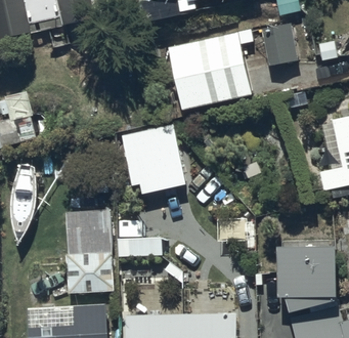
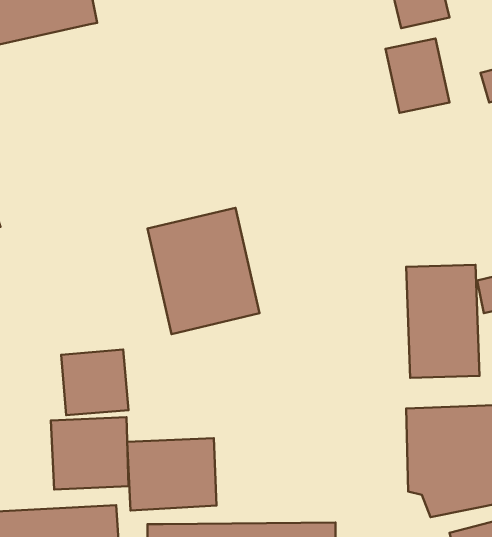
building: [170,36,255,118] -> none
building: none -> [406,265,479,378]
building: none -> [127,438,217,511]

